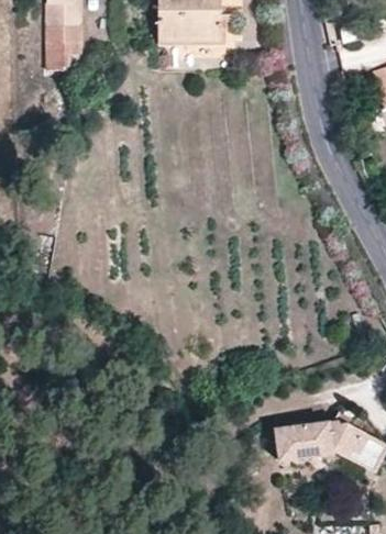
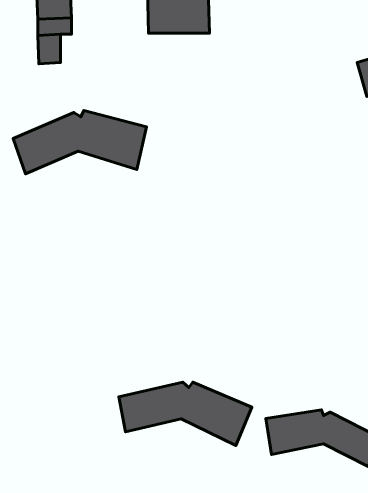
building: none -> [13,111,146,174]
building: none -> [119,382,252,445]

